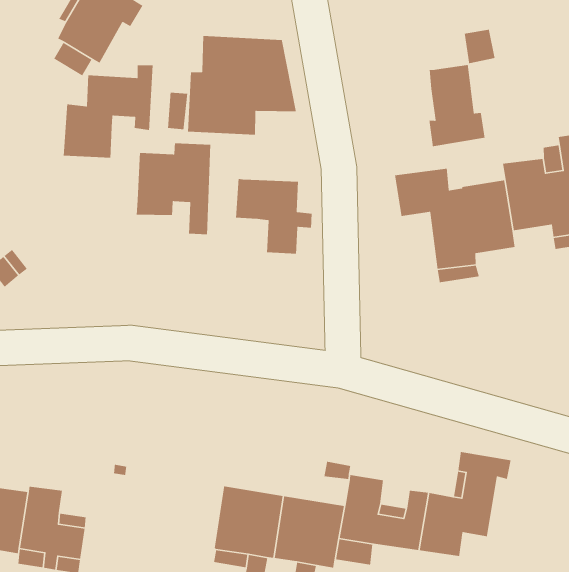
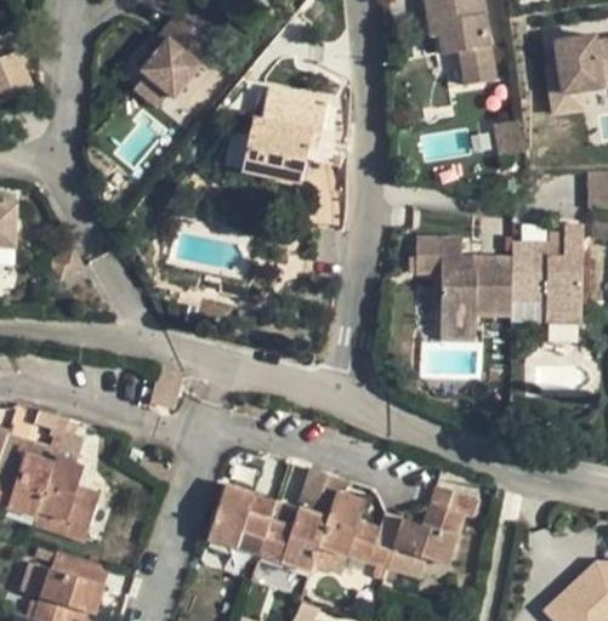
building: [428,64,486,147] -> none
building: [63,64,154,159] -> none
building: [136,142,211,235] -> none
building: [235,178,312,254] -> none

